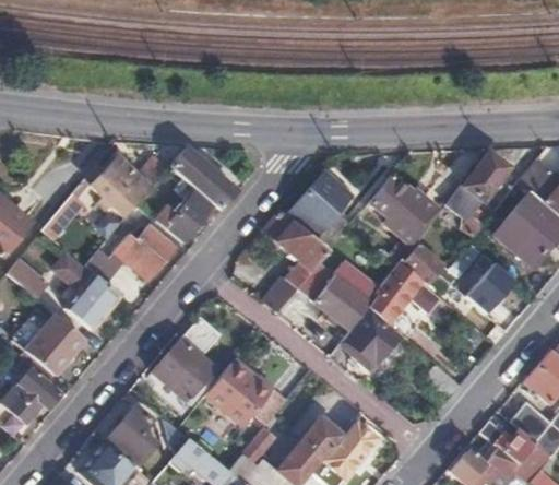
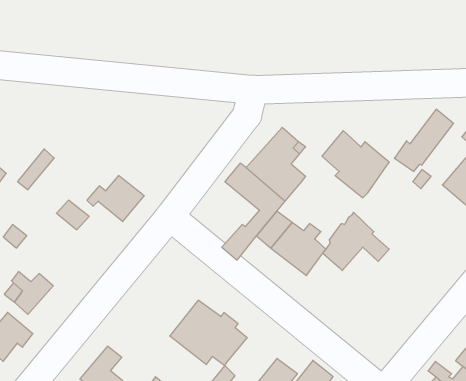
building: [171,149,234,206] -> none
building: [88,157,165,217] -> none
building: [156,193,210,241] -> none
building: [401,241,442,284] -> none
building: [453,252,516,316] -> none
building: [59,259,119,332] -> none
building: [342,306,395,368] -> none
building: [153,316,219,403] -> none

